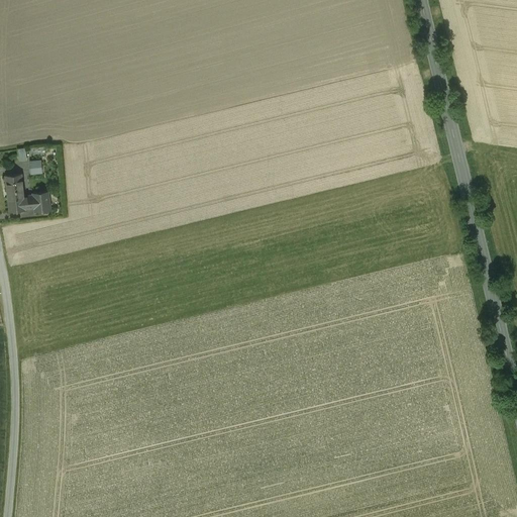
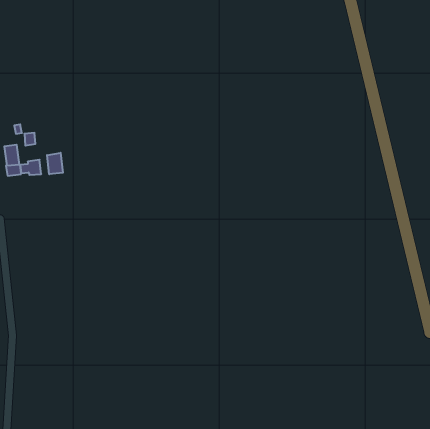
building: none -> [47,153,63,174]

